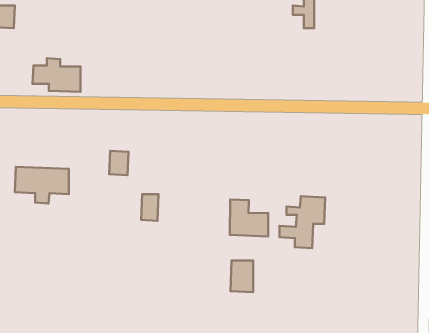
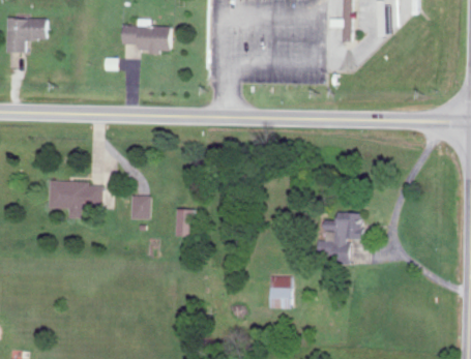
building: [33,58,80,92] -> [121,18,170,52]
building: [109,151,128,175] -> [129,195,149,219]
building: [230,199,268,236] -> none

